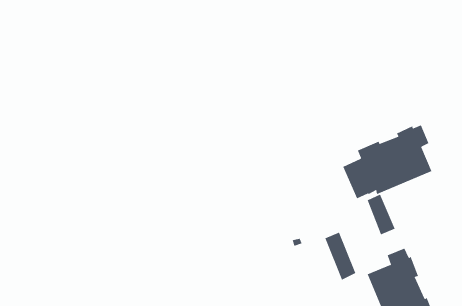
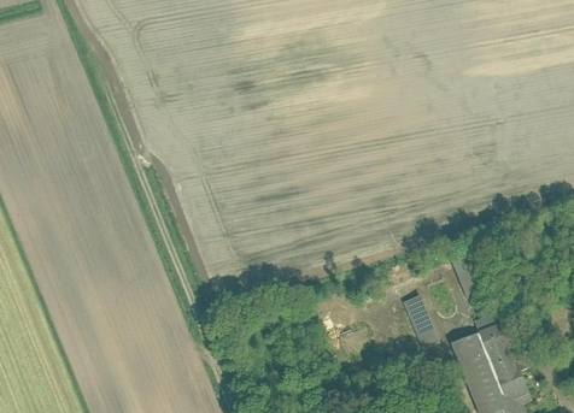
building: [342,125,432,199] -> none

